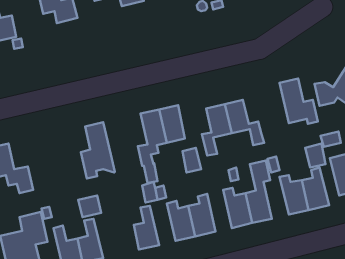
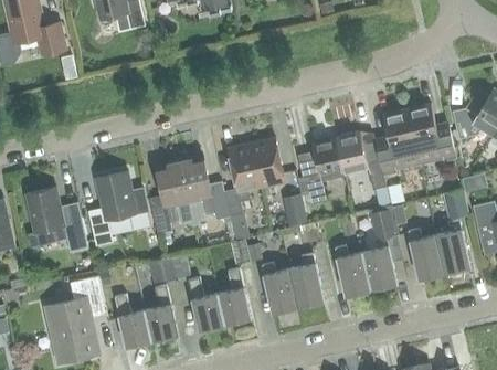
building: none -> [374,109,419,176]
building: none -> [178,155,229,224]
building: none -> [87,171,148,246]
building: none -> [187,277,224,330]

